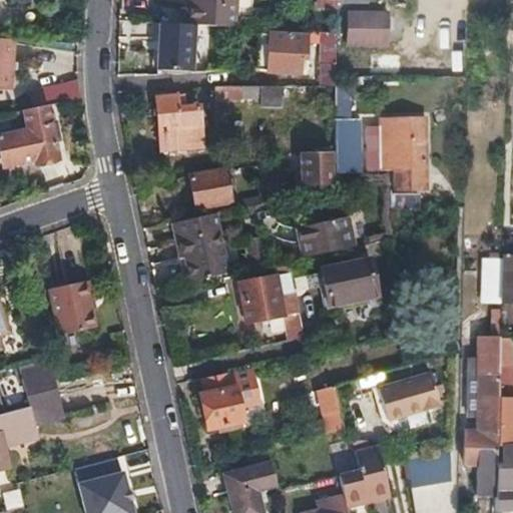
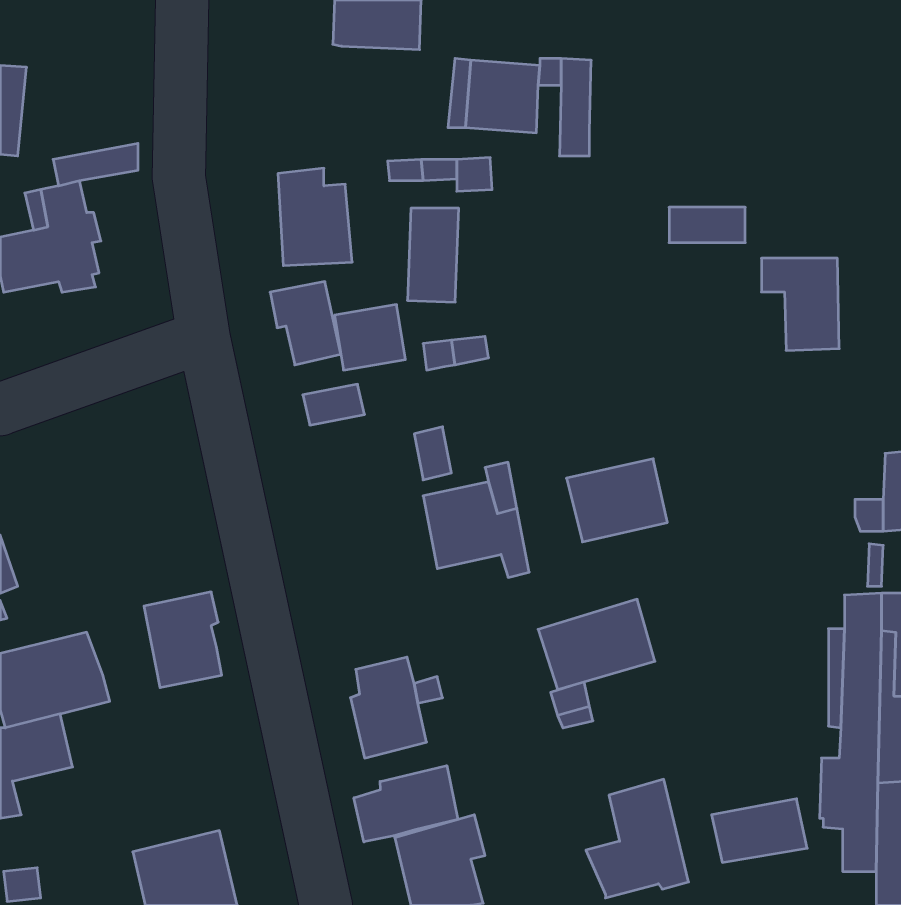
building: [347,16,388,52] -> none
building: [157,24,195,72] -> none
building: [336,118,365,171] -> [407,208,459,302]
building: [381,137,425,189] -> [761,258,839,350]
building: [305,148,330,186] -> none
building: [302,216,355,258] -> none
building: [177,234,217,282] -> [270,282,341,365]
building: [53,281,97,335] -> [144,592,222,688]
building: [373,372,439,423] -> [538,599,655,690]
building: none -> [354,766,458,842]

